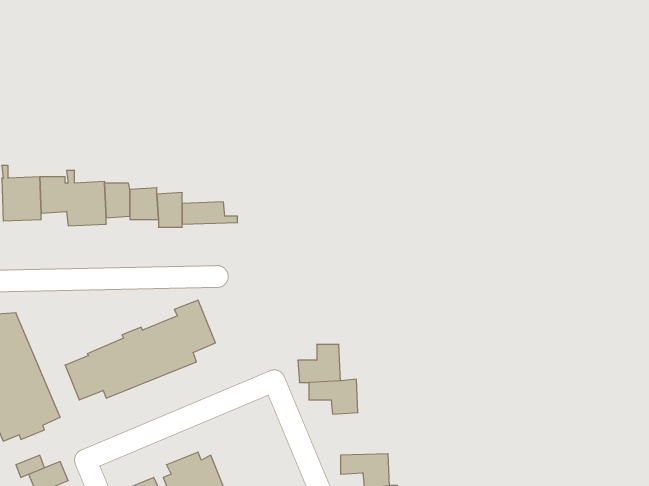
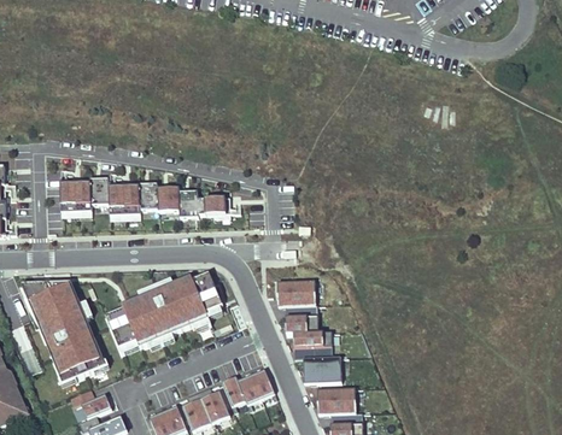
building: none -> [276,280,315,305]
building: none -> [302,357,340,383]
building: none -> [221,369,274,406]

